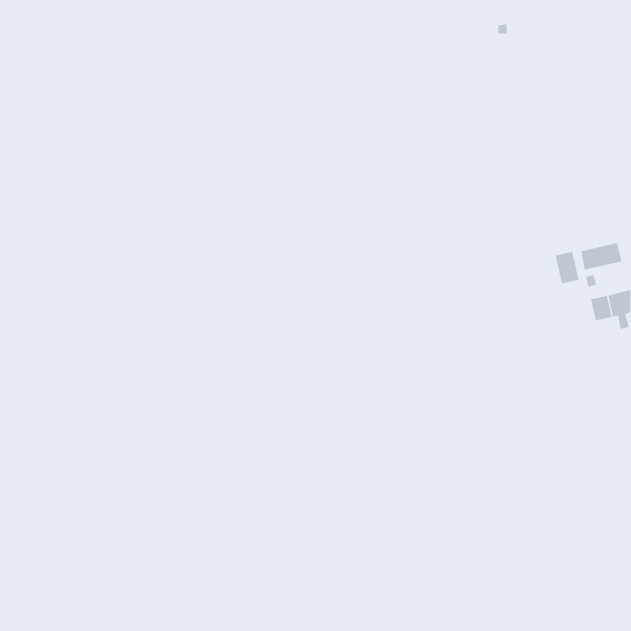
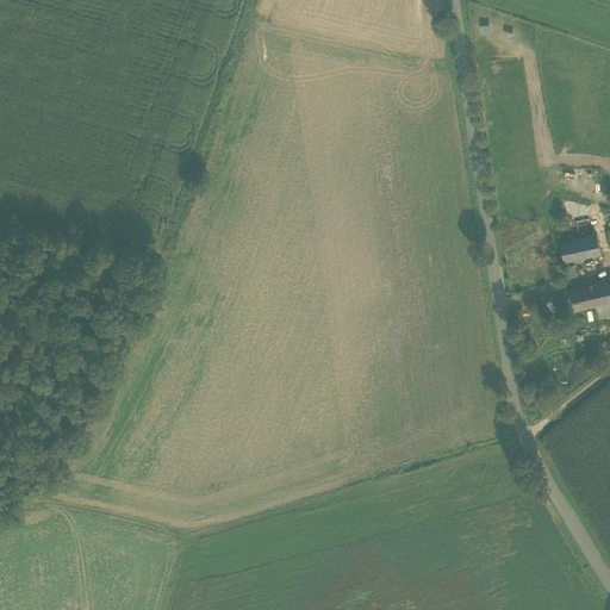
building: [555,251,580,284] -> none

